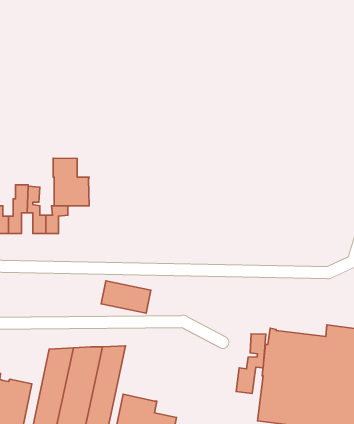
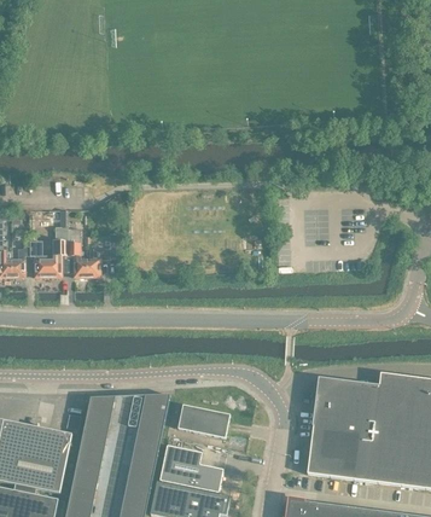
building: [53,158,89,206] -> none
building: [101,281,151,313] -> [177,403,229,437]
building: [236,334,266,393] -> none

